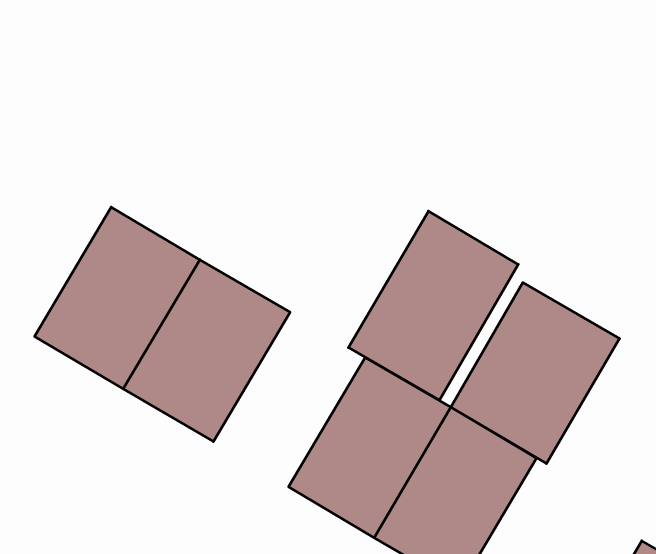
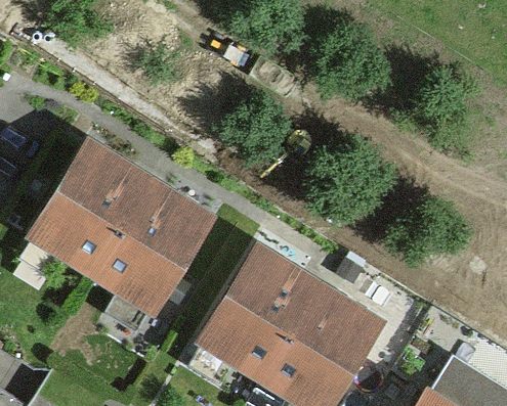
building: [348,211,518,400] -> none
building: [451,283,620,464] -> none

